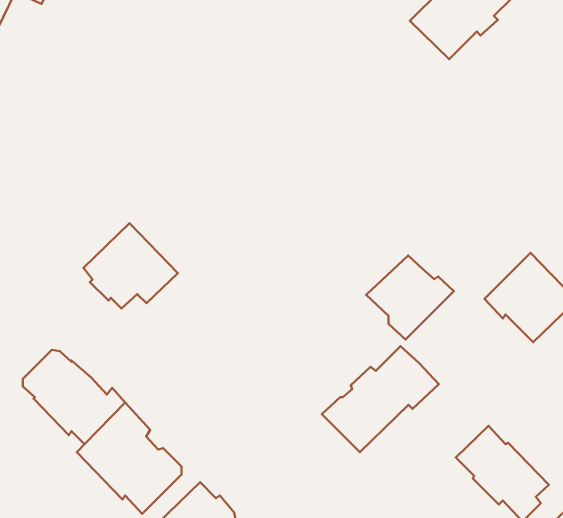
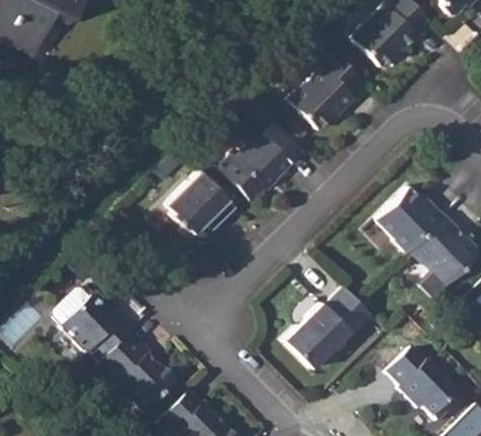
building: none -> [289,49,364,130]
building: none -> [219,120,305,200]
building: [83,223,178,308] -> [166,170,238,235]
building: [366,256,454,340] -> [377,188,445,252]

